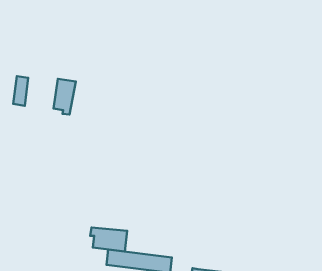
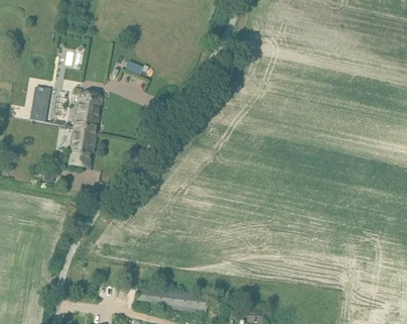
building: none -> [72,127,94,167]
building: [90,228,127,252] -> none

